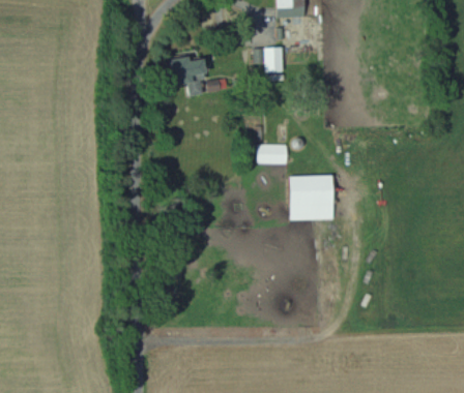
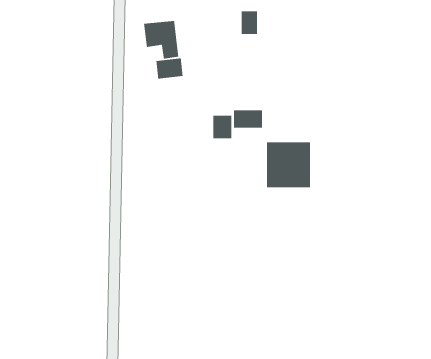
building: none -> [155,58,184,80]
building: none -> [213,115,232,139]

